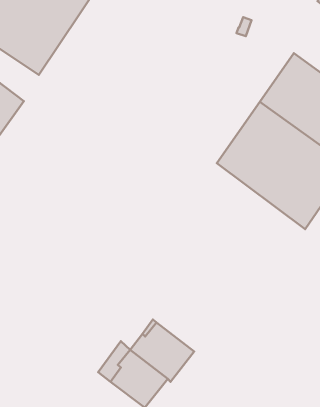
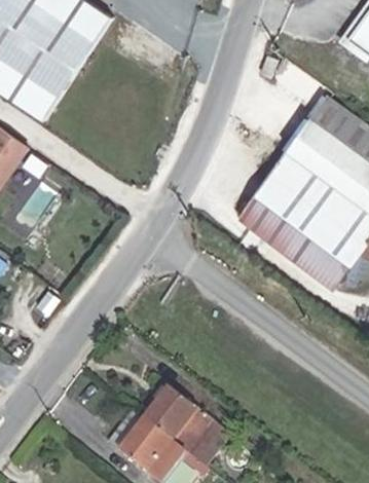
building: none -> [189,421,232,468]

